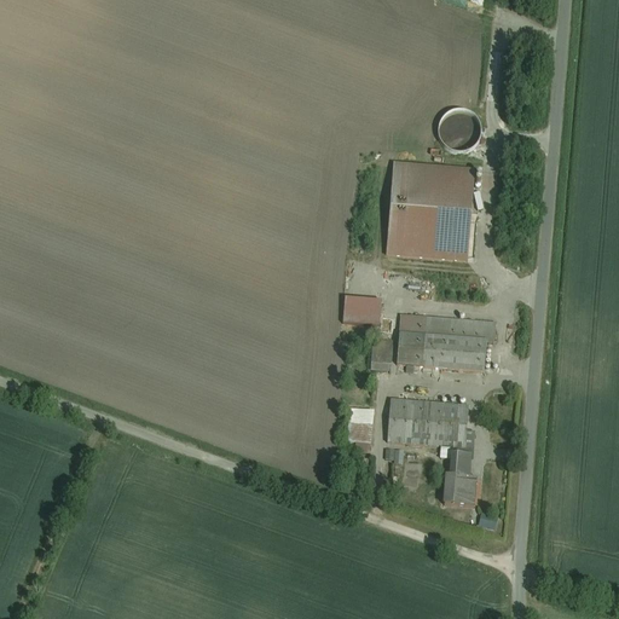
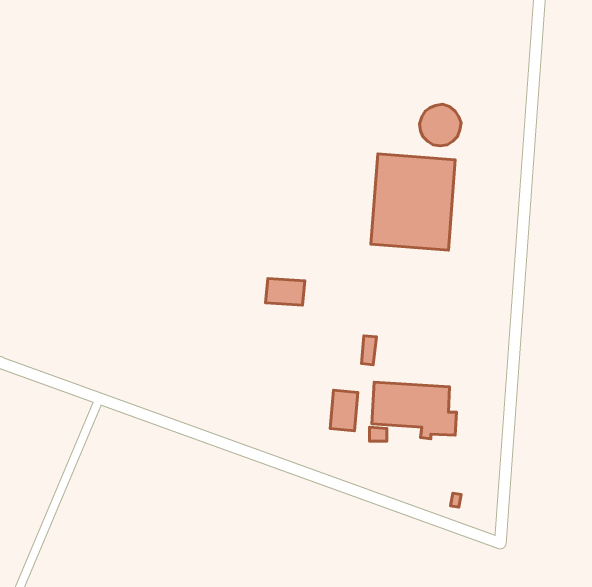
building: [341,297,382,325] -> [265,279,305,305]
building: [397,313,497,372] -> none
building: [439,455,476,507] -> none

